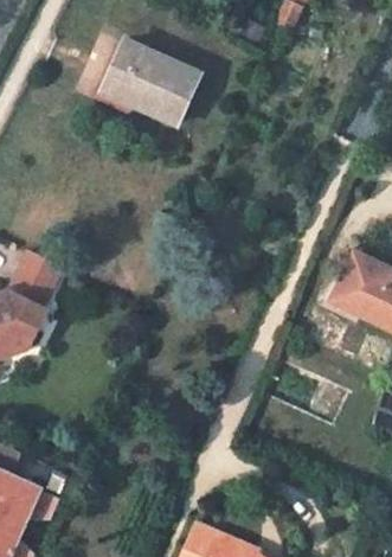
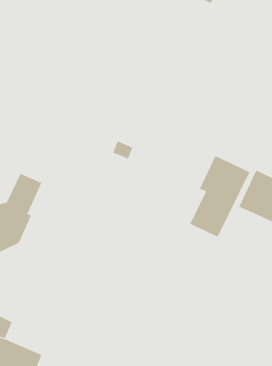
building: [102,40,198,124] -> none
building: none -> [190,155,250,237]

